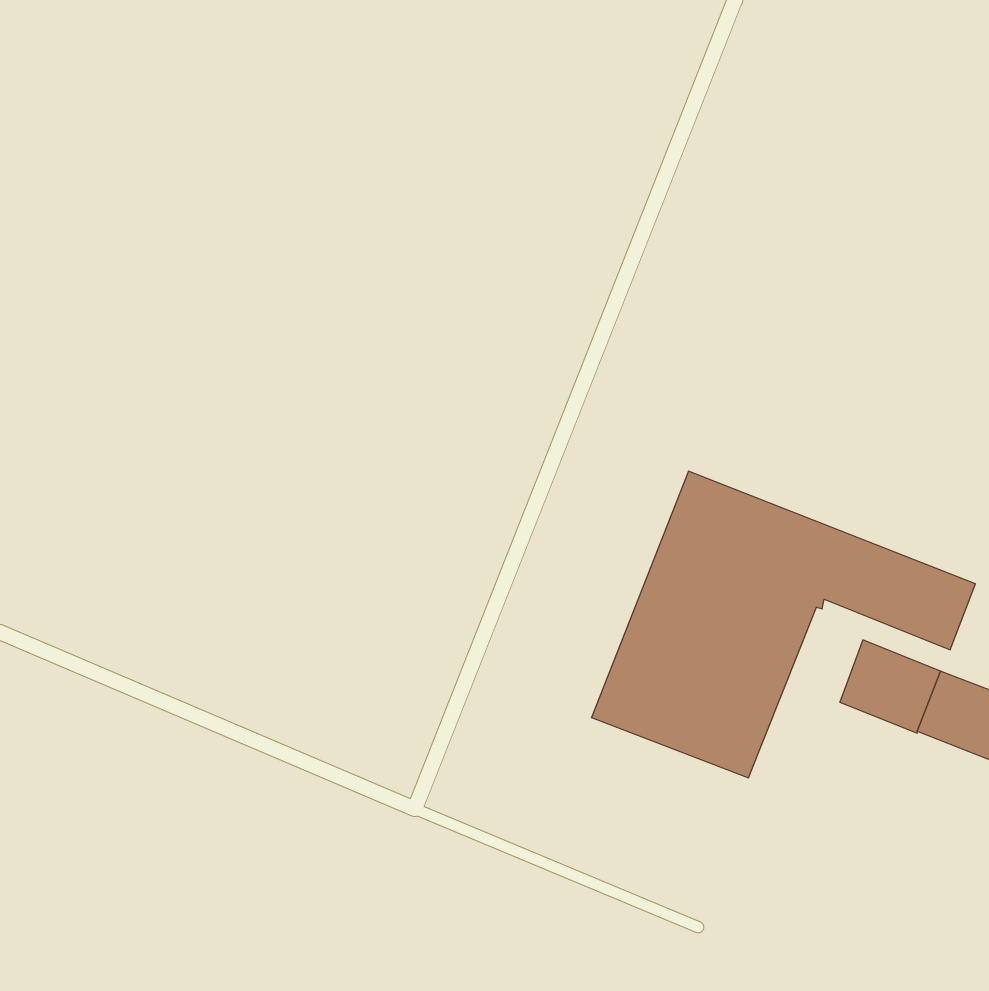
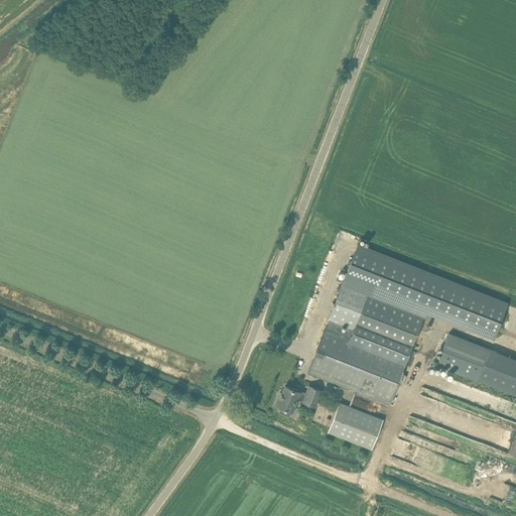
building: none -> [276,386,322,416]
building: none -> [329,402,384,449]

